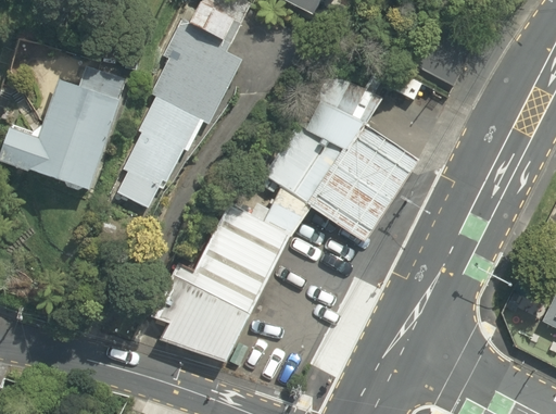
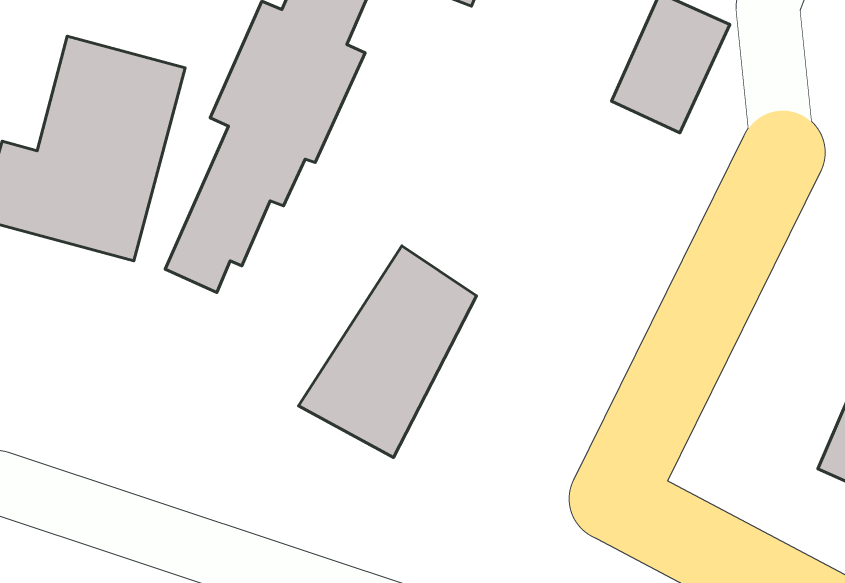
building: [265,70,424,243] -> none
building: [164,280,260,366] -> none

